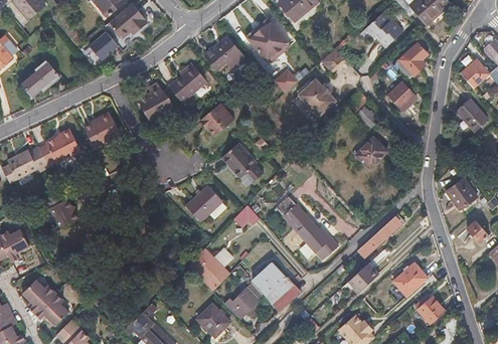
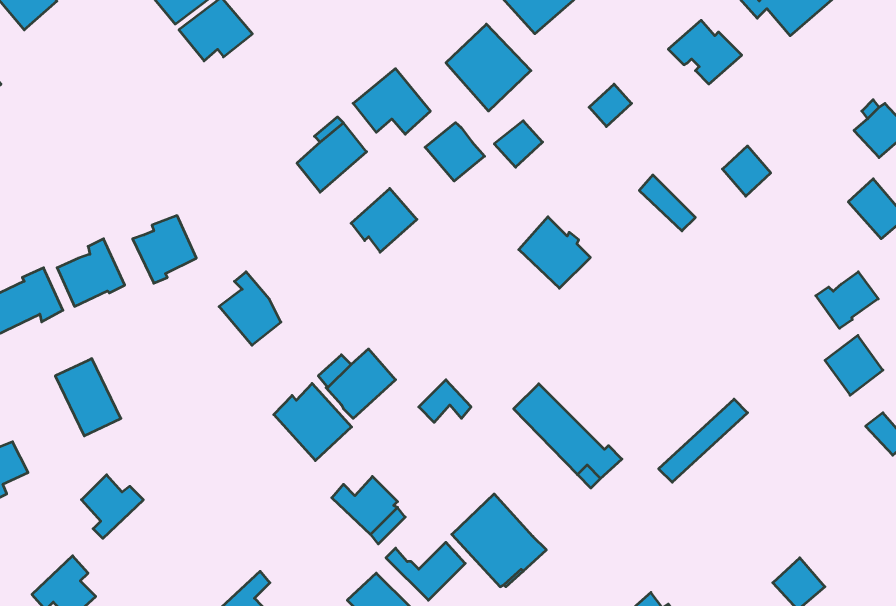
building: [91,28,120,56] -> none
building: [399,41,432,76] -> none
building: [22,59,59,95] -> none
building: none -> [425,123,485,181]
building: [299,79,336,117] -> [519,217,590,288]
building: [143,85,175,124] -> [219,272,281,345]
building: [356,136,387,168] -> none
building: [222,145,257,179] -> none
building: none -> [816,272,878,328]
building: none -> [274,383,352,461]
building: [394,262,428,294] -> none
building: [349,263,380,291] -> none
building: [22,281,54,314] -> [81,475,143,538]

